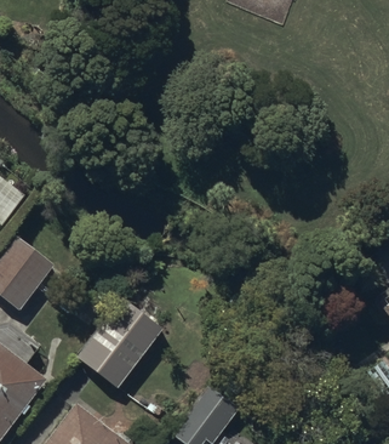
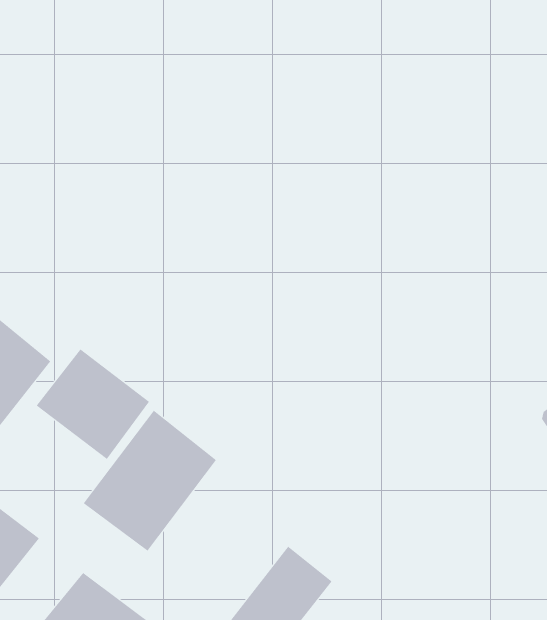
building: none -> [36,348,150,460]

